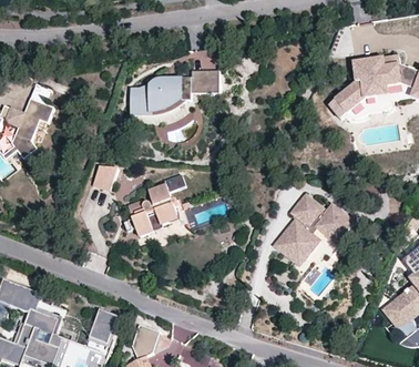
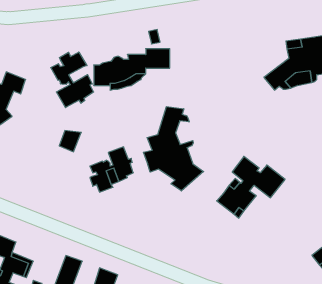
building: none -> [51,52,94,108]
building: none -> [143,107,204,191]

